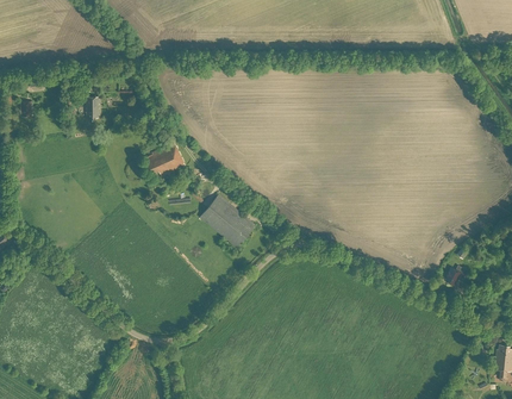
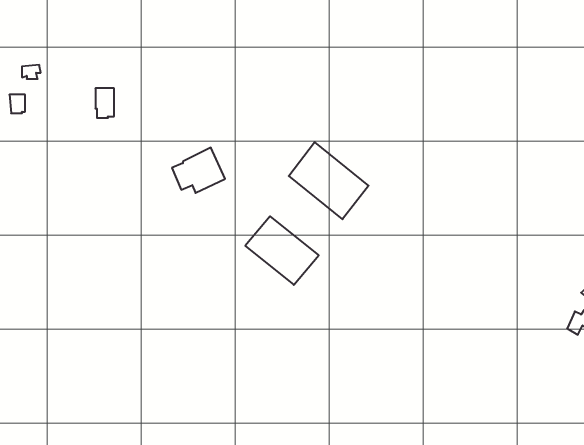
building: none -> [289,142,369,219]

